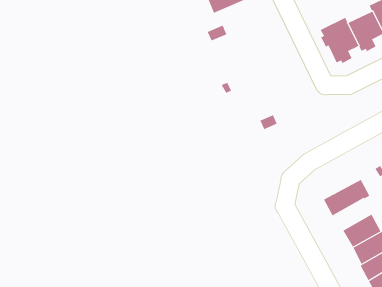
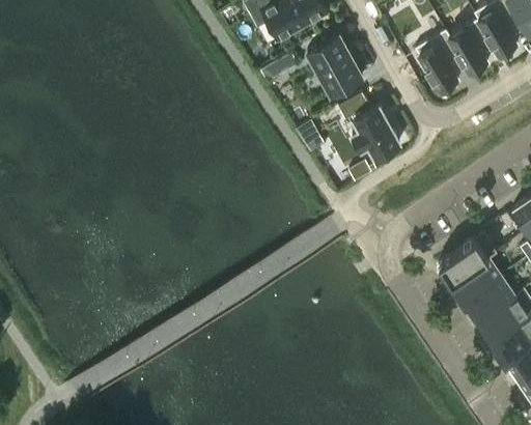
building: none -> [307,35,362,95]
building: none -> [338,94,399,158]
building: none -> [451,257,501,302]

